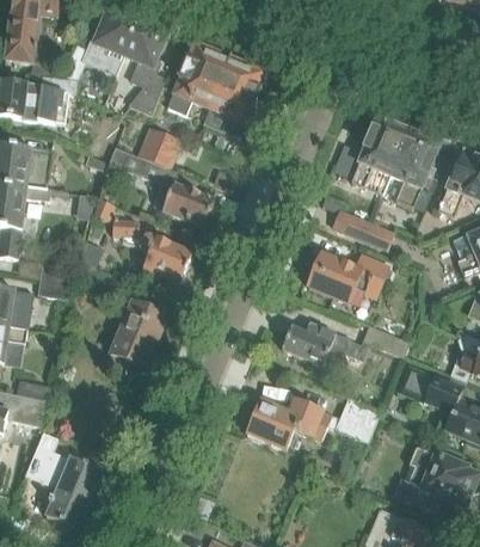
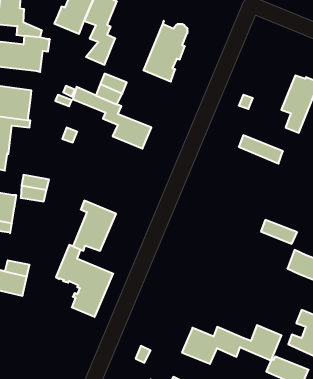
building: [166,38,230,113] -> none
building: [350,112,408,185] -> none
building: [111,217,192,287] -> none
building: [307,252,388,301] -> none
building: [281,321,359,371] -> none
building: [246,395,381,448] -> [182,325,282,364]
building: [24,430,101,528] -> [56,245,113,317]

